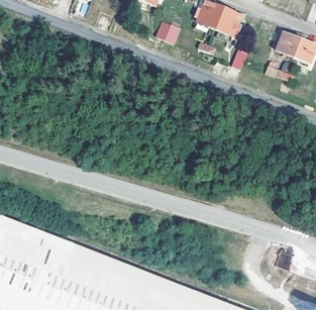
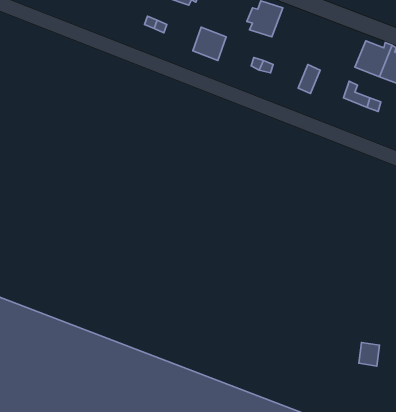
building: [214,7,240,35] -> none

